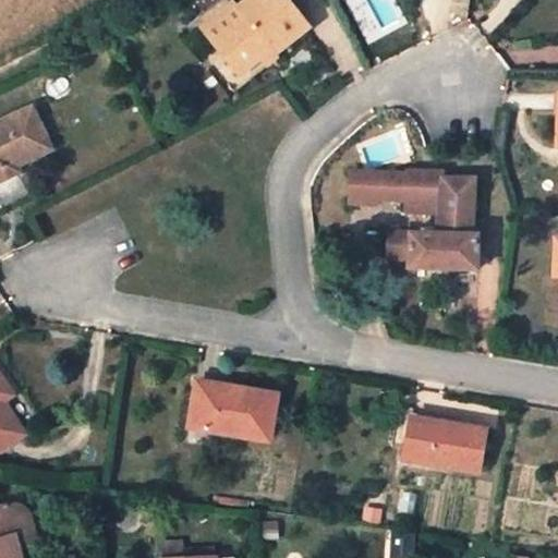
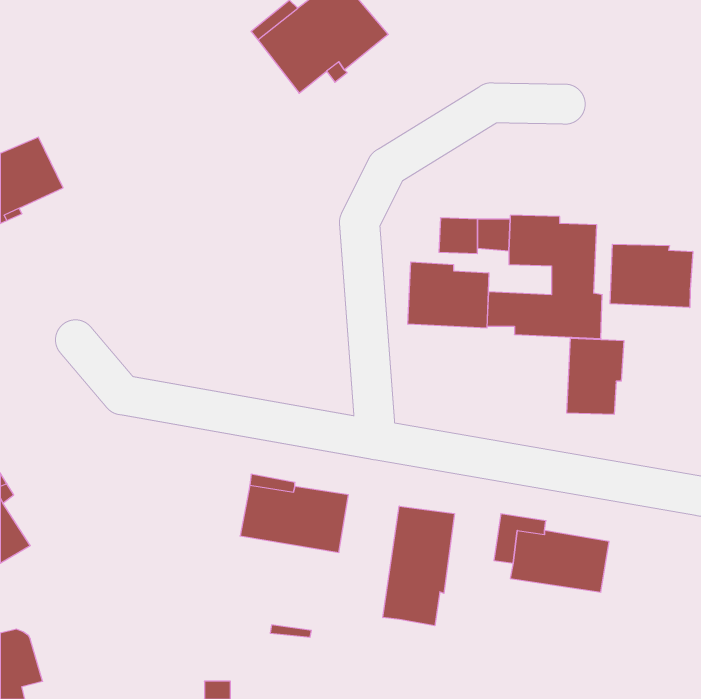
building: none -> [610,244,693,308]
building: none -> [408,262,489,328]
building: none -> [567,338,624,414]
building: none -> [383,506,454,626]

